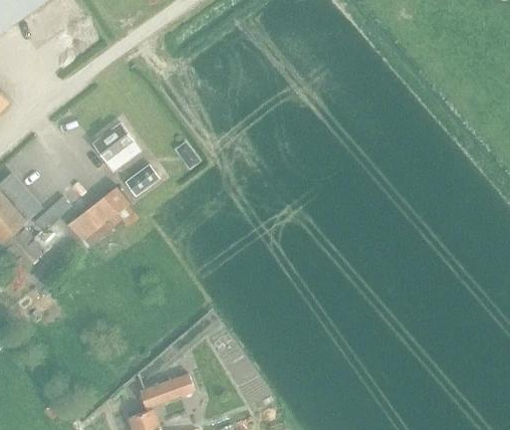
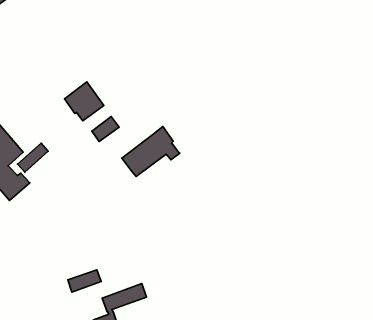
building: [65,187,138,249] -> [122,127,180,177]
building: none -> [68,270,101,292]

